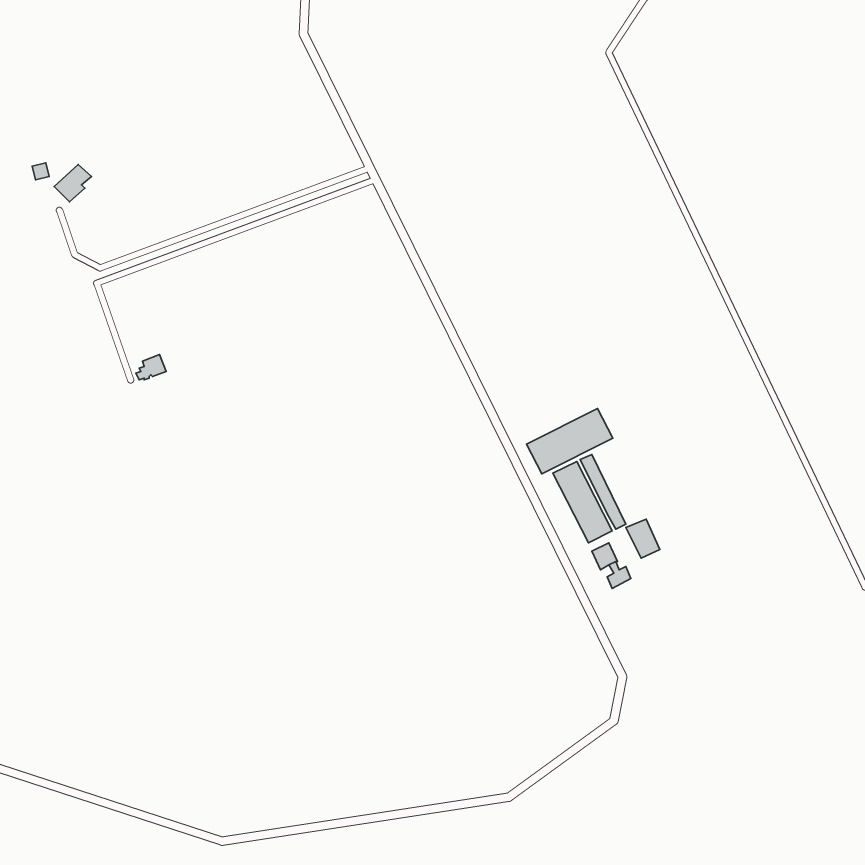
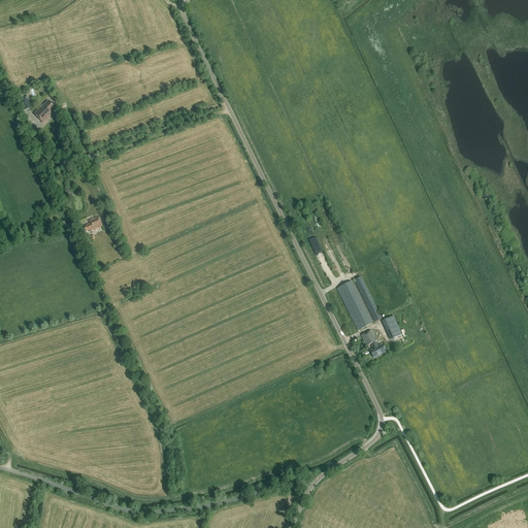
building: [527,409,613,474] -> none

